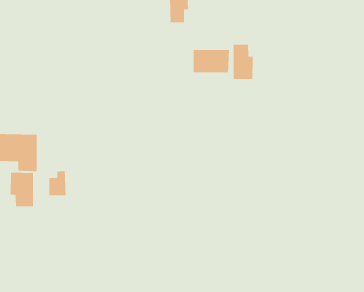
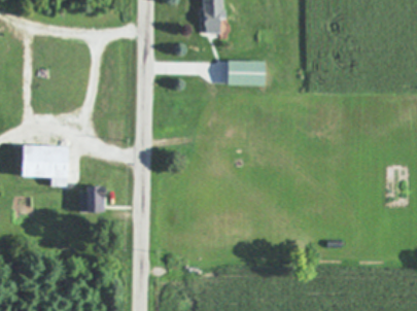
building: [233,44,254,80] -> none
building: [10,172,34,207] -> none

